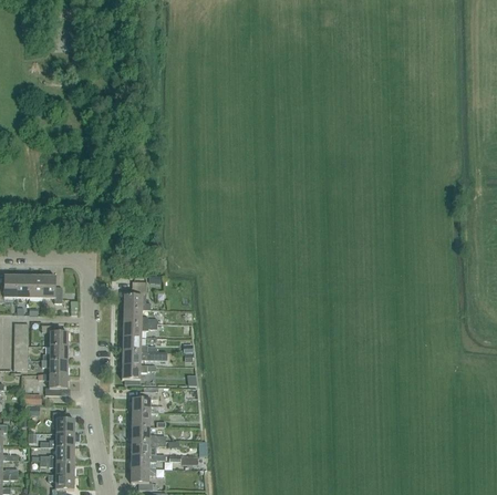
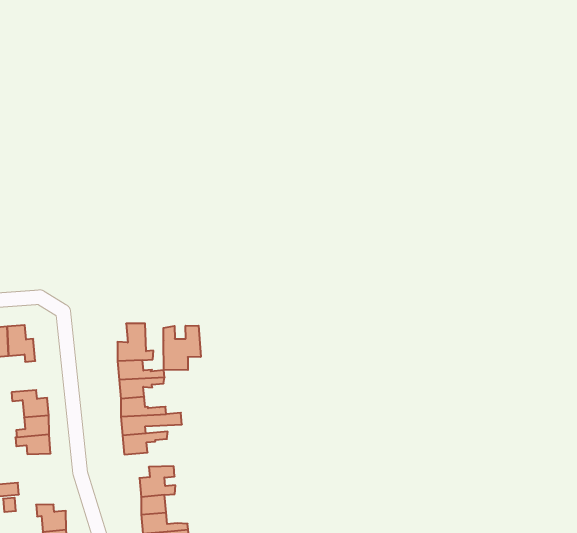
building: none -> [163,326,201,370]
building: [39,372,68,394] -> none

